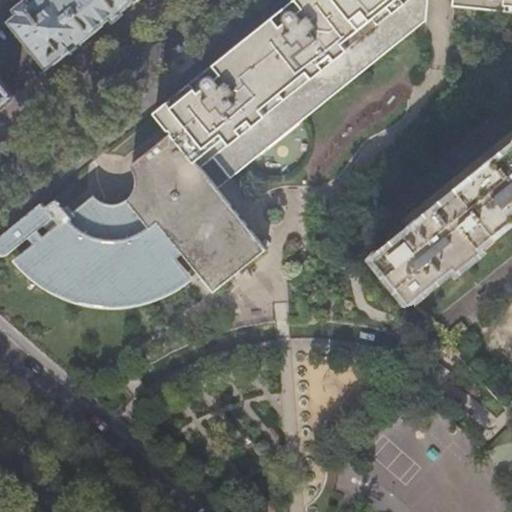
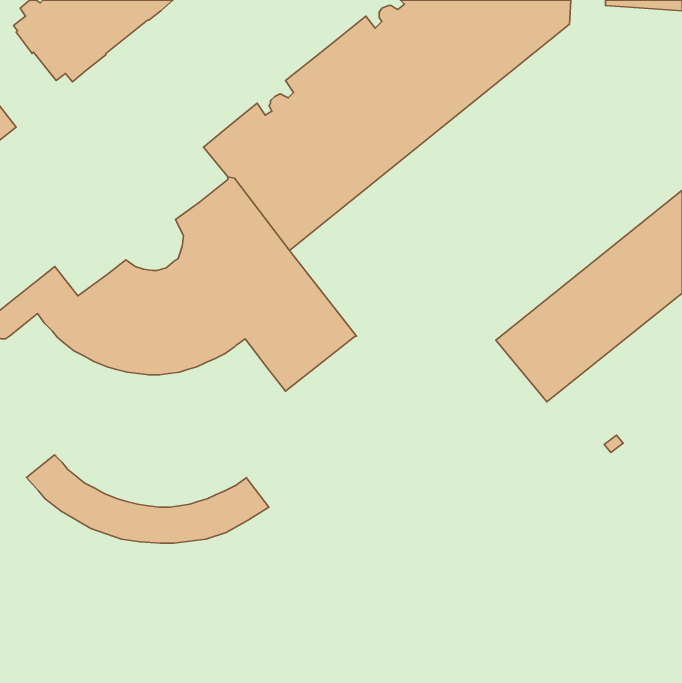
building: [12,242,193,308] -> [26,455,269,543]

